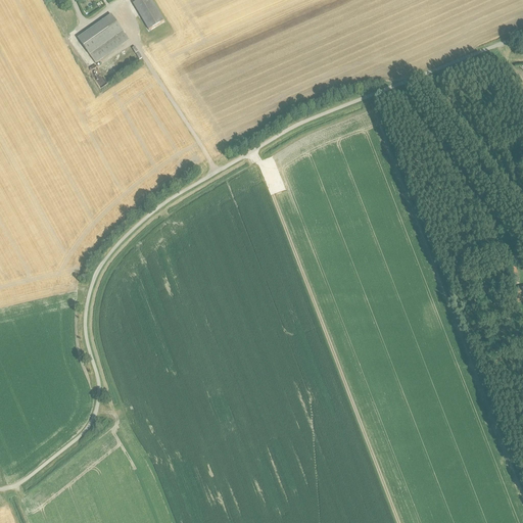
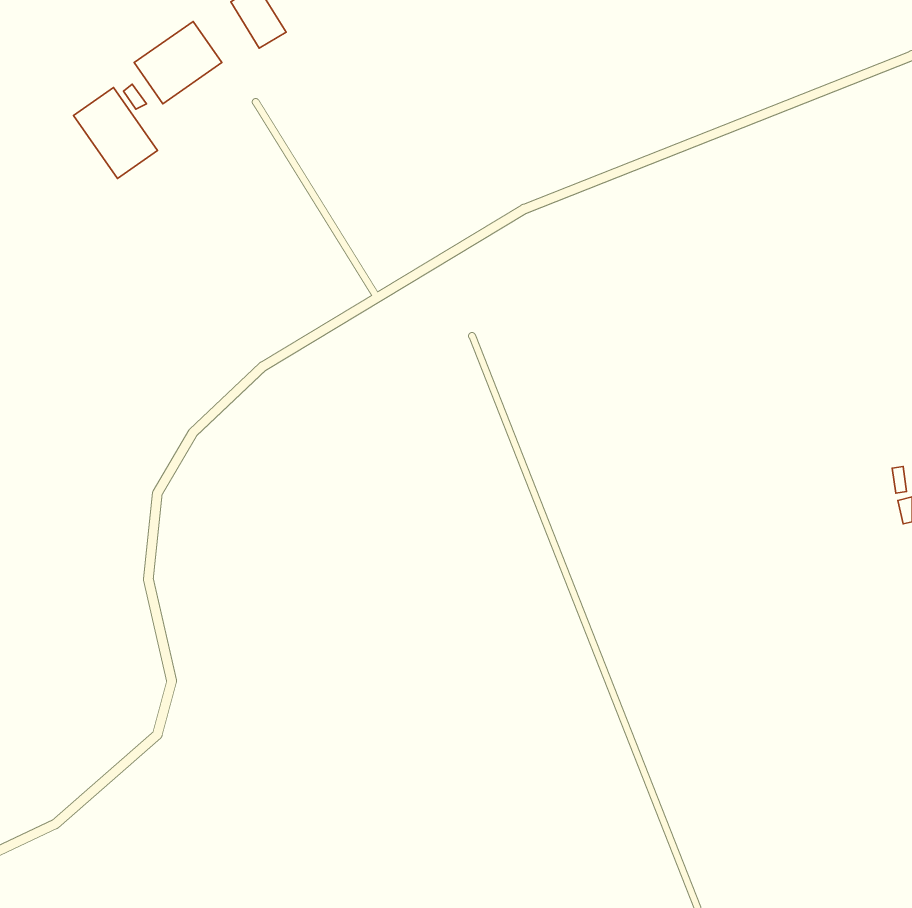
building: none -> [73,87,158,178]

